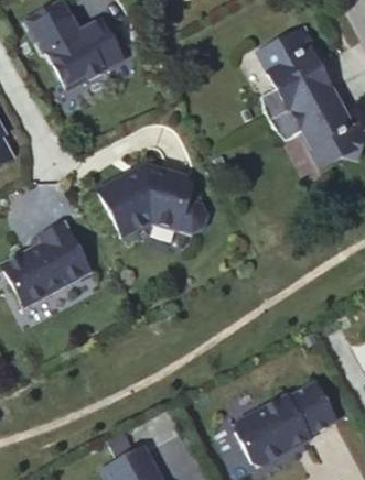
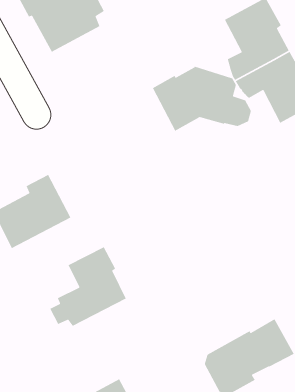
building: [97,163,207,238] -> [152,64,252,132]
building: none -> [49,246,127,327]

